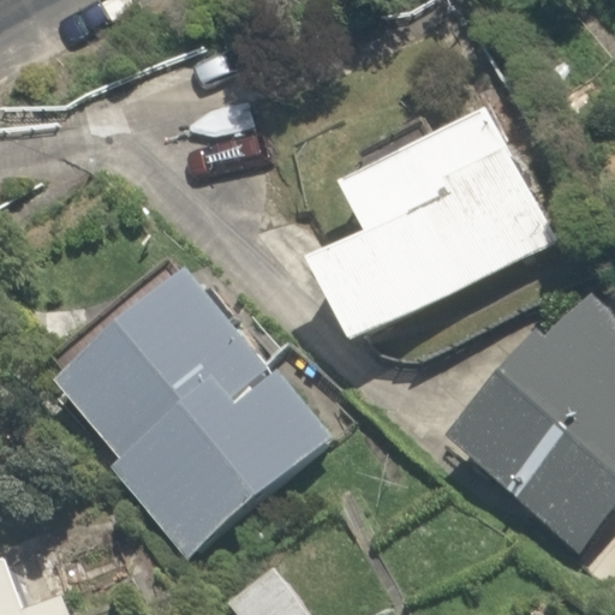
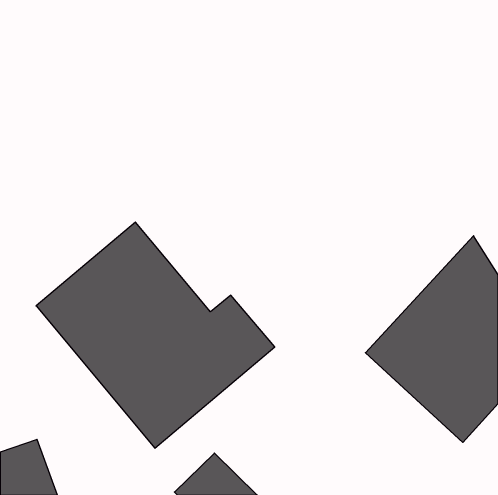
building: [311,107,553,345] -> none

